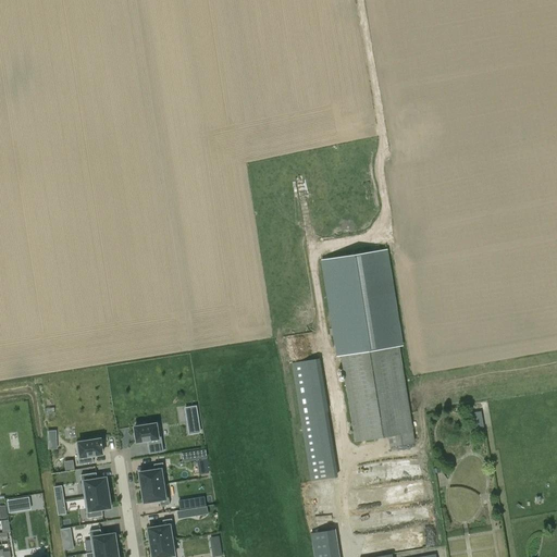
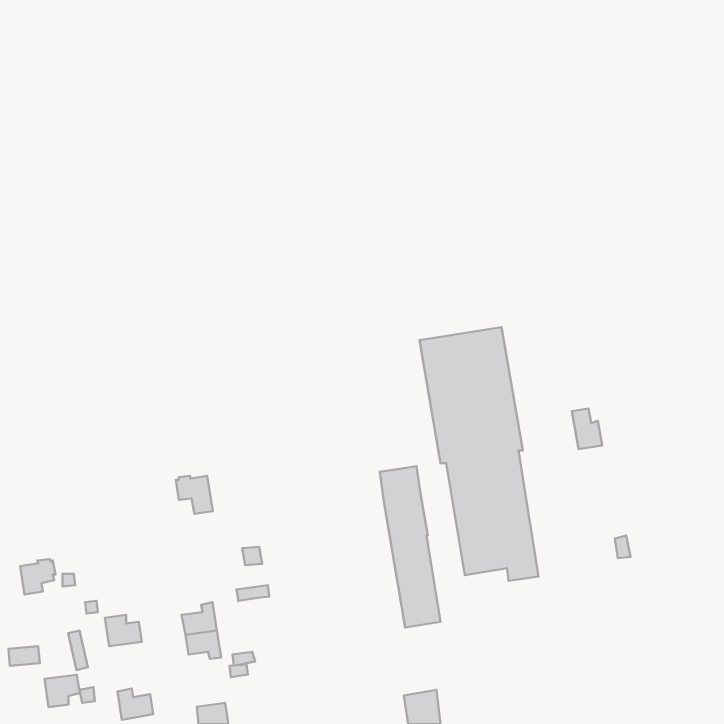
building: none -> [572,409,602,449]
building: [135,423,163,453] -> [176,476,213,514]
building: [76,436,103,463] -> [20,559,56,594]
building: [84,493,111,518] -> [44,675,80,707]
building: [149,518,175,543] -> none

